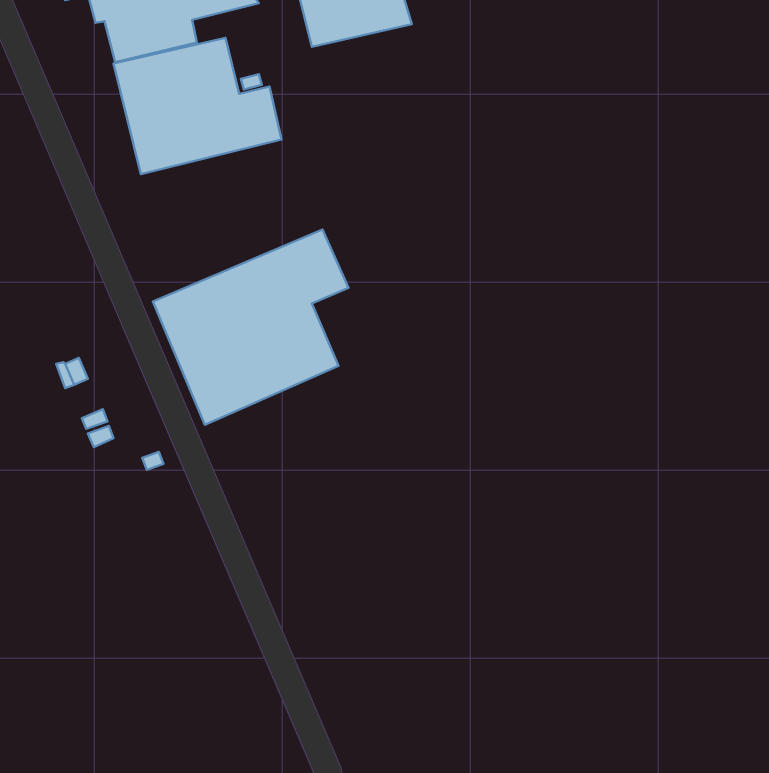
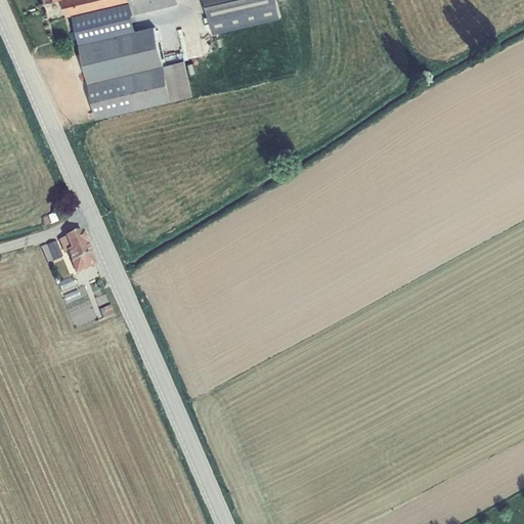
building: [153,230,348,425] -> none
building: none -> [56,230,92,272]

